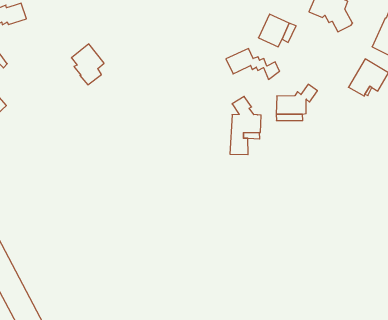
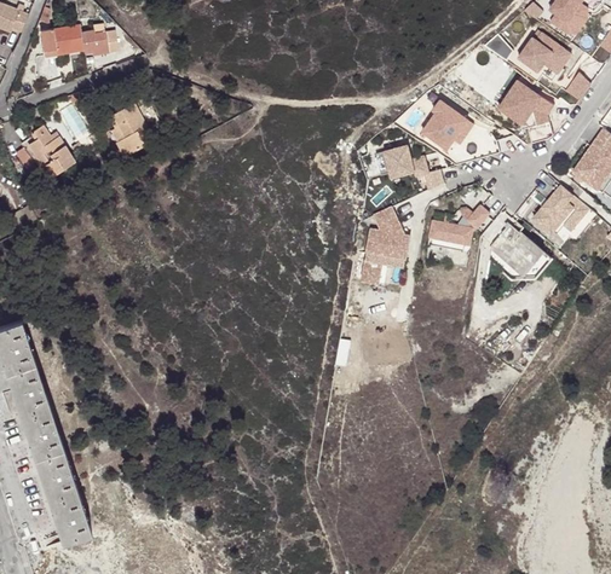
building: [71,44,104,85] -> [106,102,149,156]
building: none -> [482,219,551,282]

